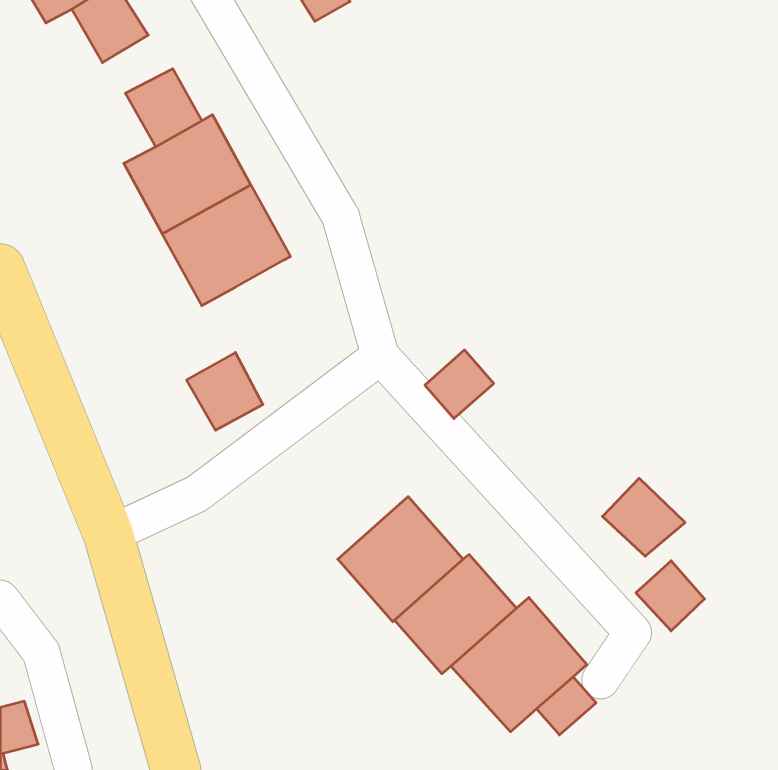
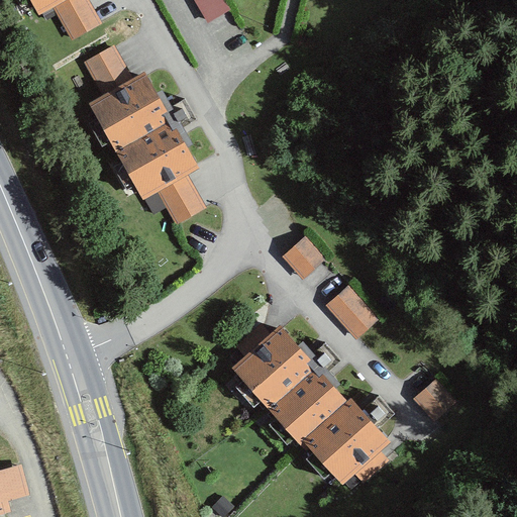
building: [187,352,263,430] -> [158,172,208,223]
building: [602,478,685,556] -> [330,283,385,334]

